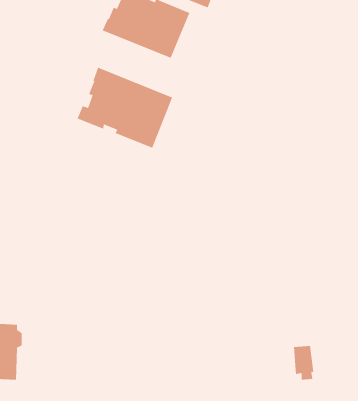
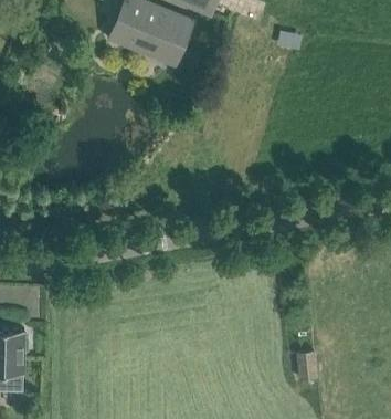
building: [77,67,173,148] -> none

